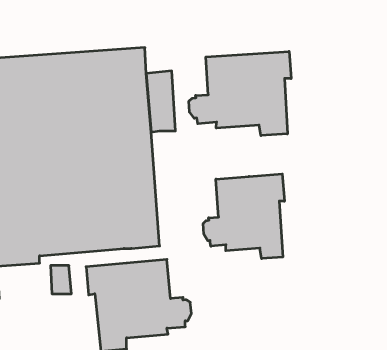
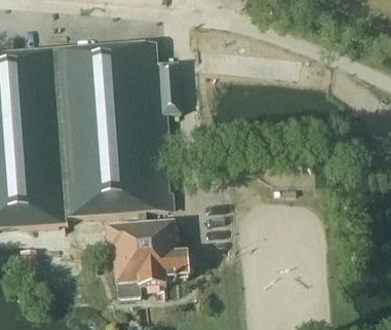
building: [189,51,291,136] -> none
building: [203,174,284,259] -> none

